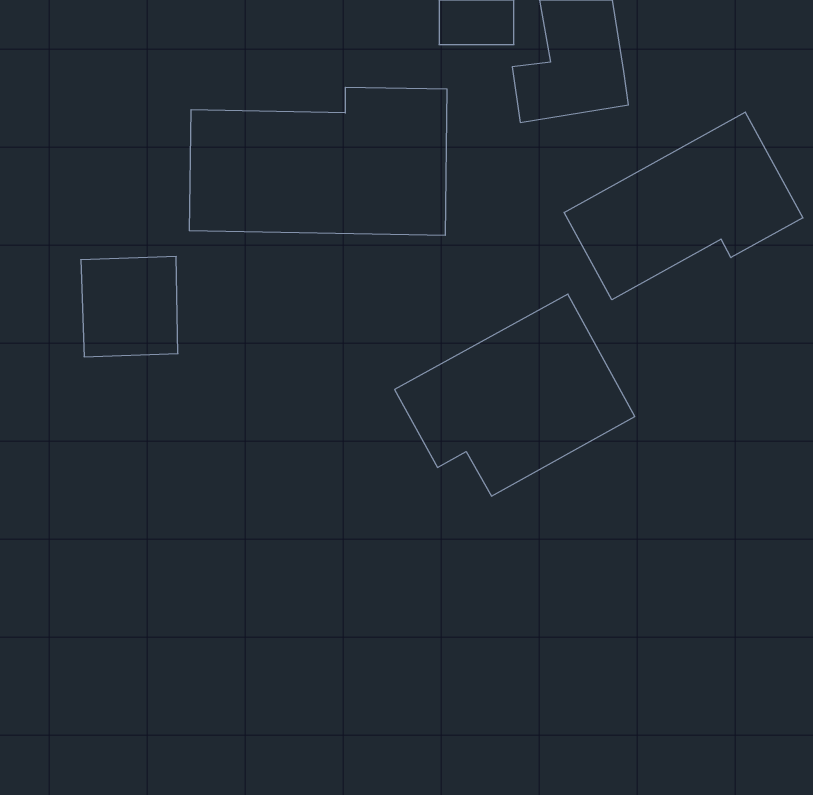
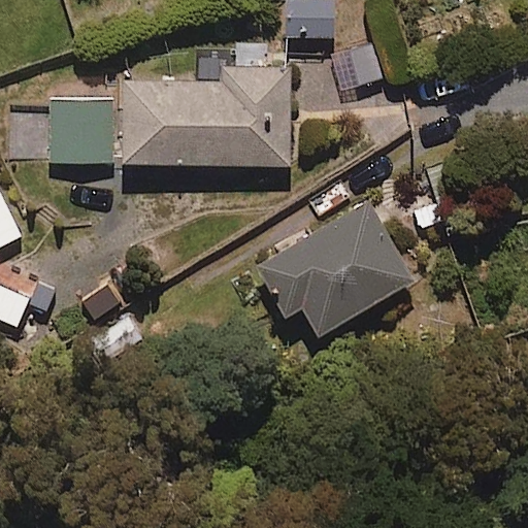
building: [564,112,803,300] -> none
building: [81,257,178,357] -> [50,101,112,166]

